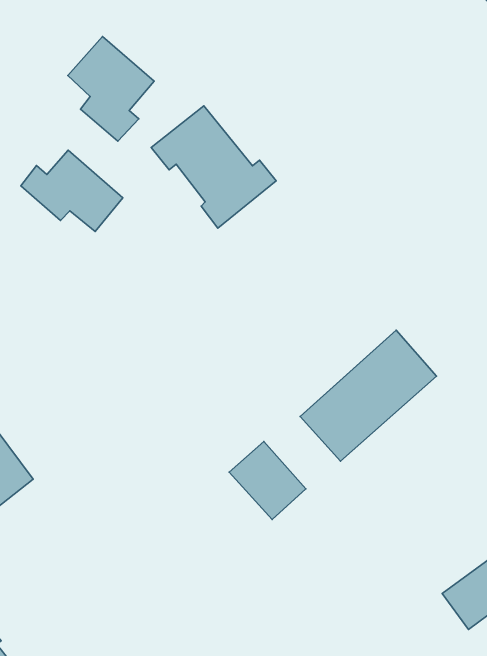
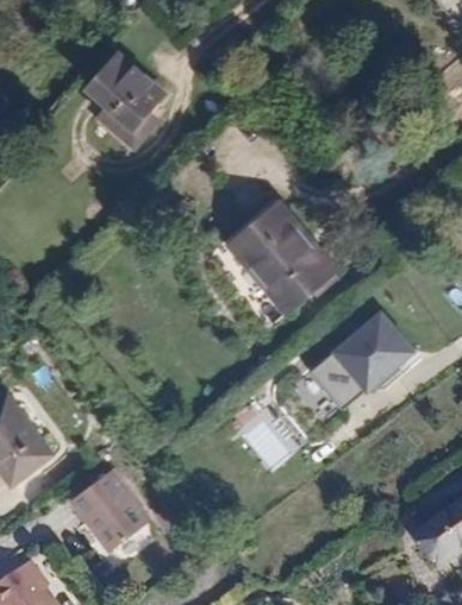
building: [151,106,276,228] -> [230,204,337,309]
building: [21,150,123,231] -> none
building: none -> [73,467,151,550]

